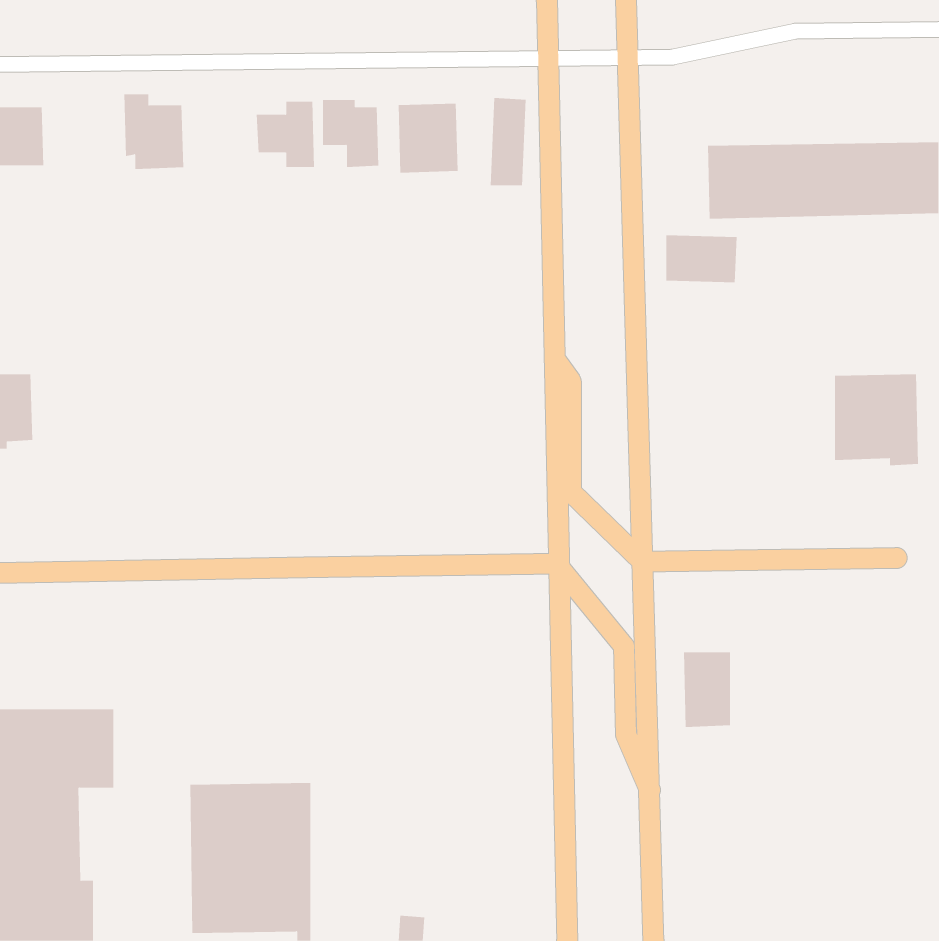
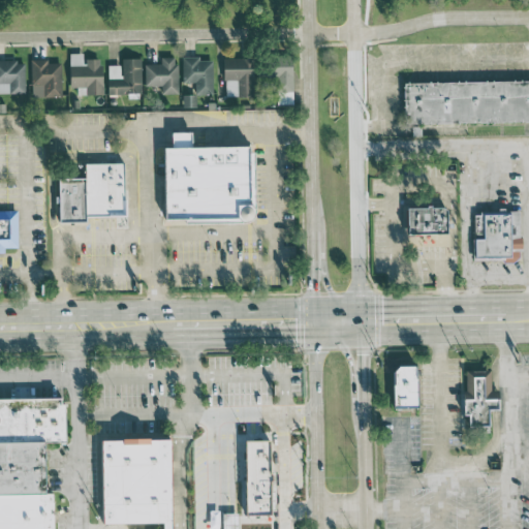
building: none -> [107,58,141,94]
building: none -> [30,59,61,96]
building: [666,235,737,283] -> [399,207,439,234]
building: none -> [168,132,258,220]
building: none -> [62,163,130,222]
building: none -> [463,369,497,426]
building: none -> [249,441,272,516]

